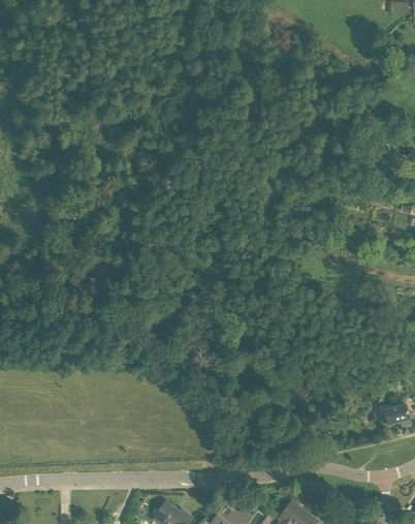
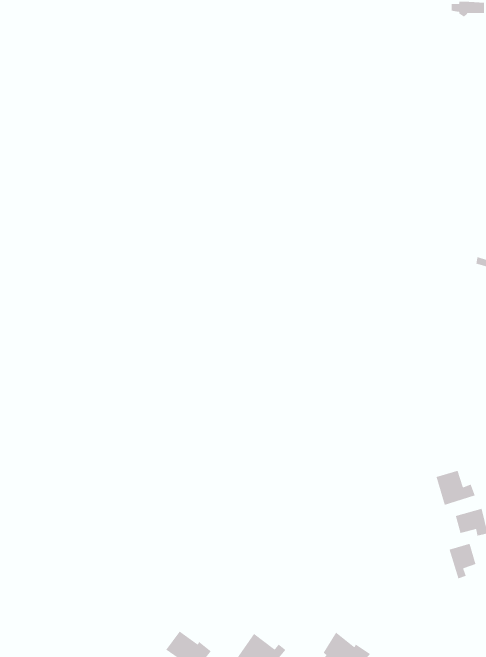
building: none -> [436,470,476,506]
building: none -> [448,543,476,580]

